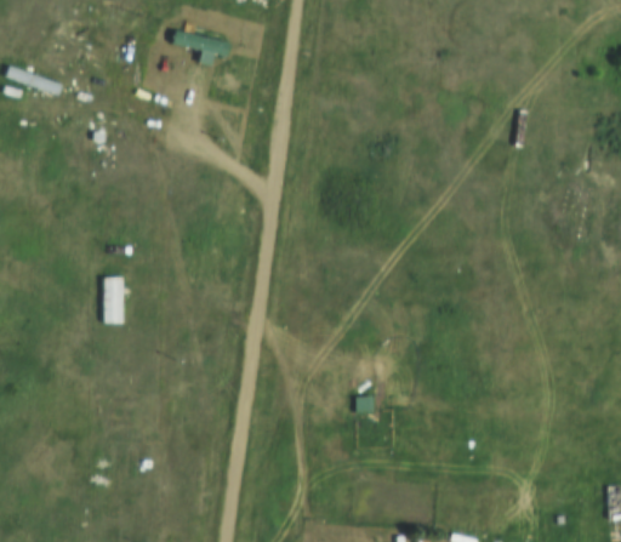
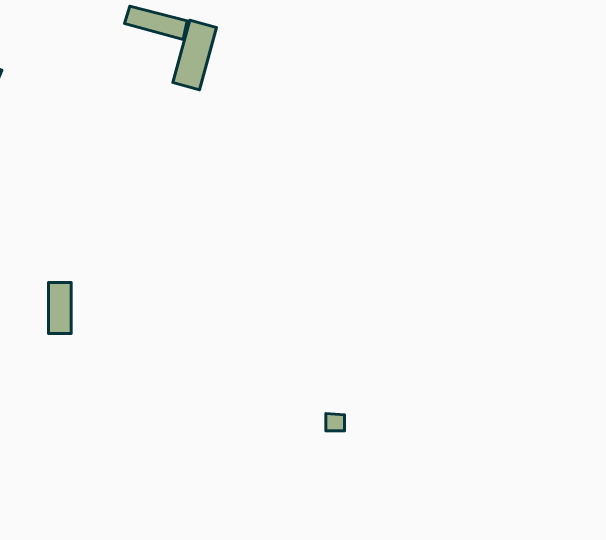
building: none -> [173,20,217,90]

